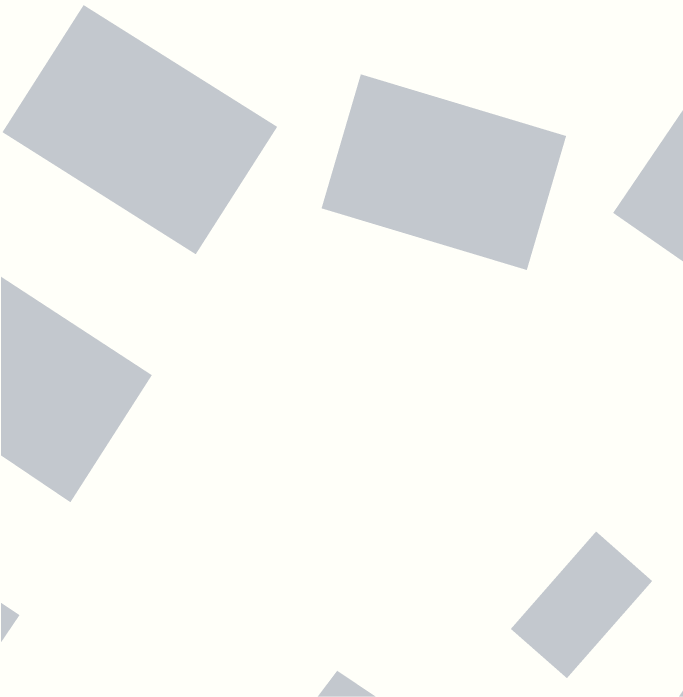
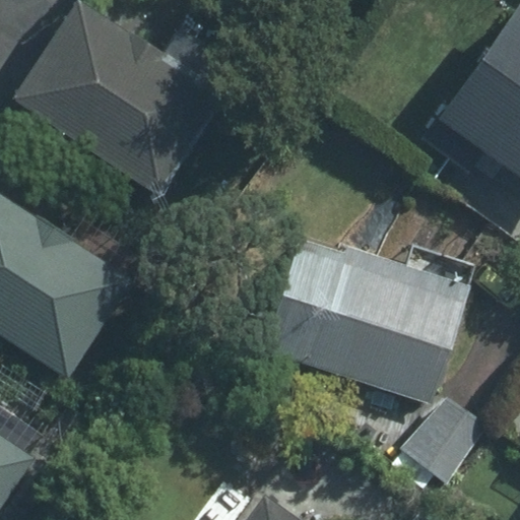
building: [321,74,567,271] -> none
building: none -> [262,240,466,398]

